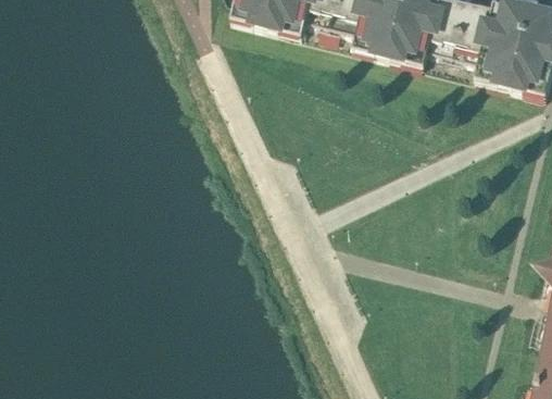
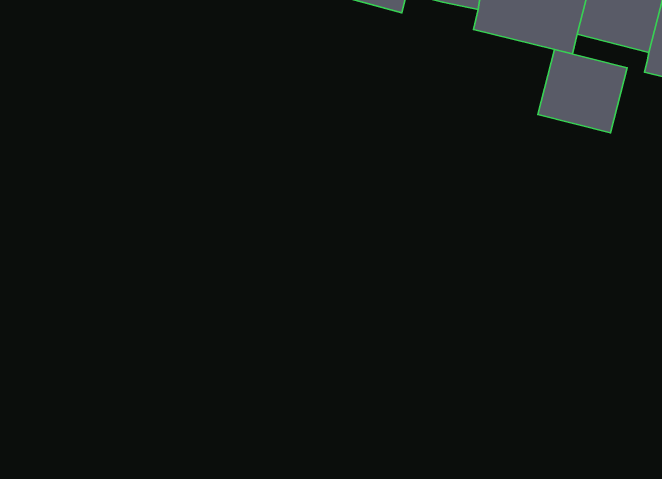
building: none -> [538,49,627,133]

